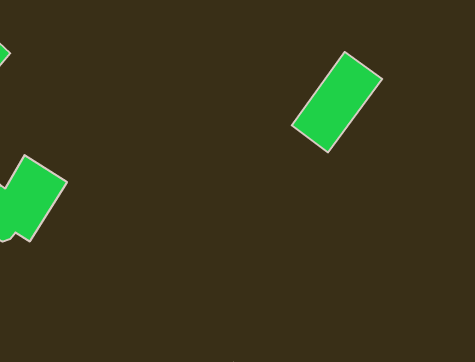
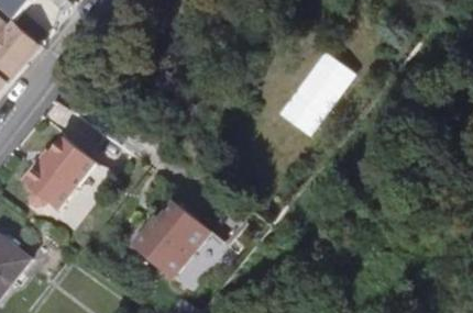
building: none -> [133,200,209,276]

